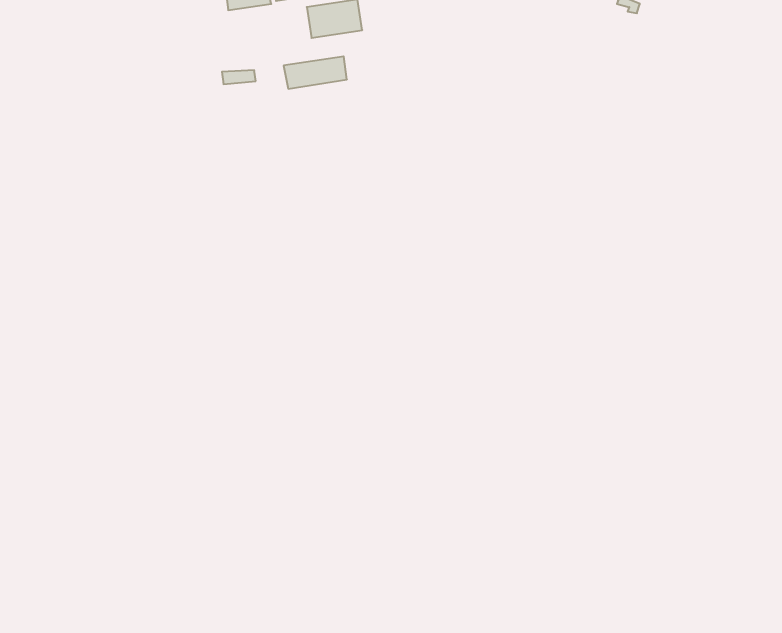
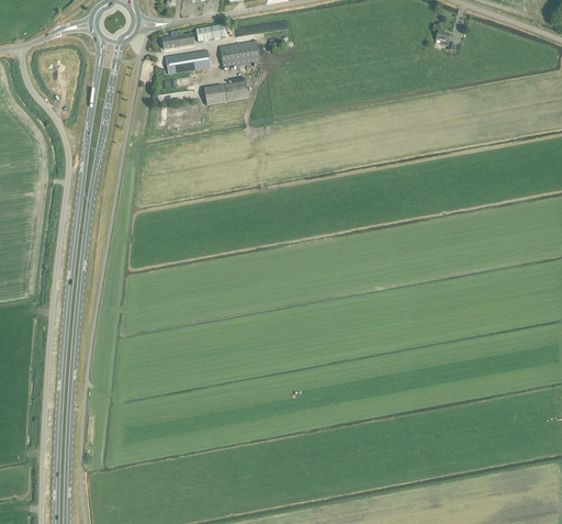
building: none -> [166,48,211,71]

